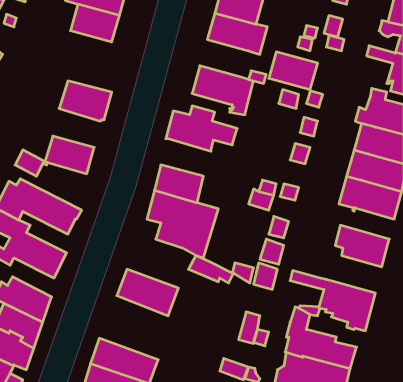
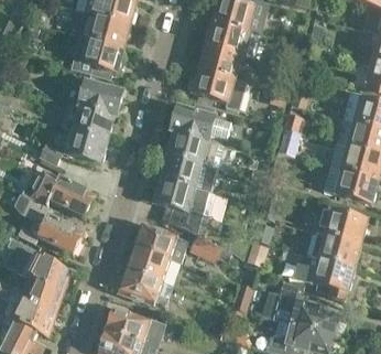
building: none -> [68,34,122,77]
building: [269,52,318,90] -> [199,44,242,77]
building: none -> [59,103,112,139]
building: none -> [165,131,226,169]
building: none -> [135,224,187,262]
building: none -> [305,230,359,267]
building: none -> [119,269,172,307]

